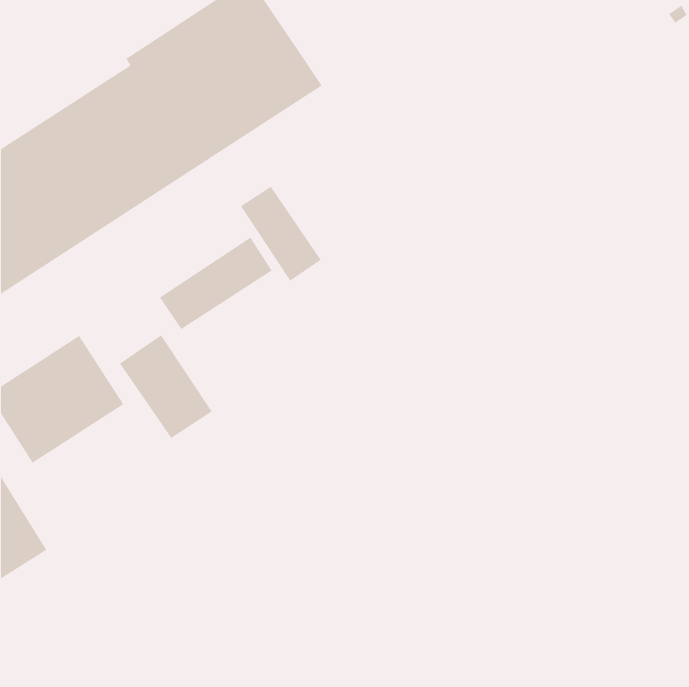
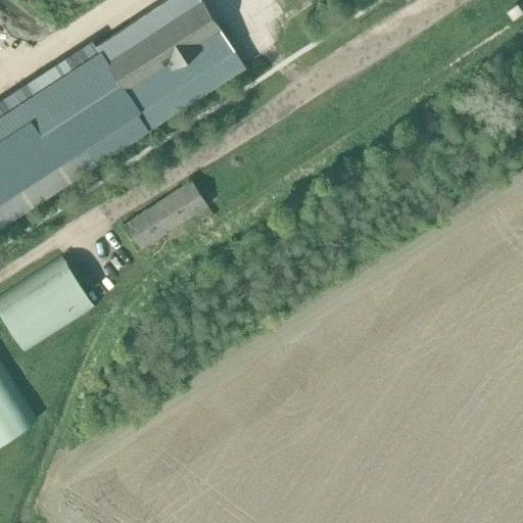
building: [240,186,321,281] -> none
building: [119,335,212,439] -> none

